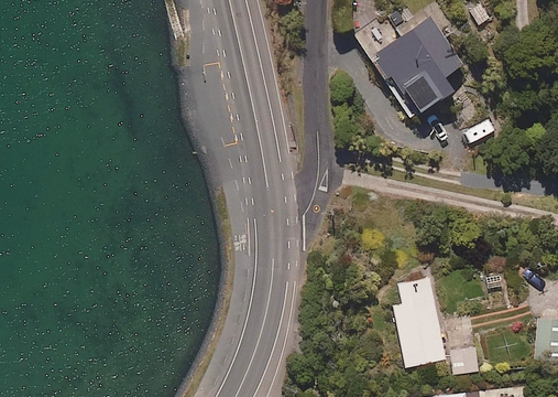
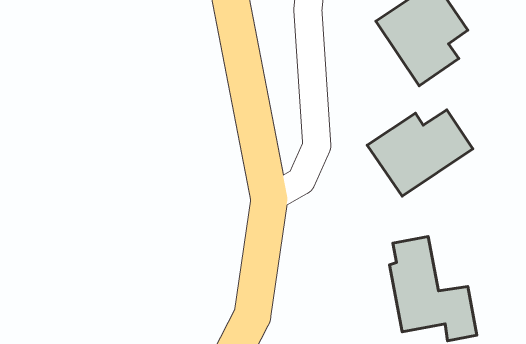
building: none -> [367,110,473,196]

